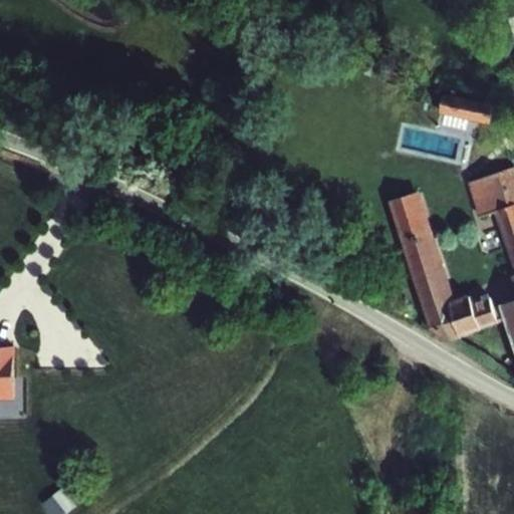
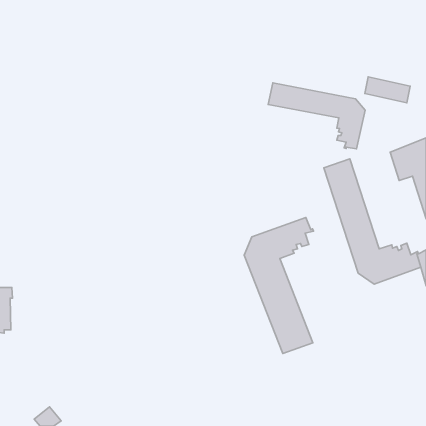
building: none -> [268,83,365,149]
building: none -> [244,218,313,354]

